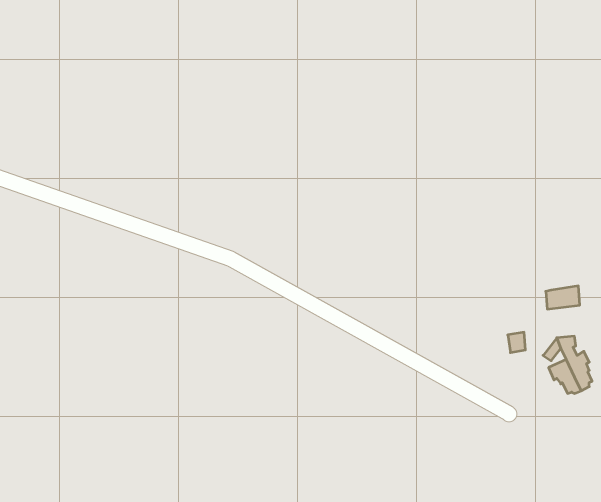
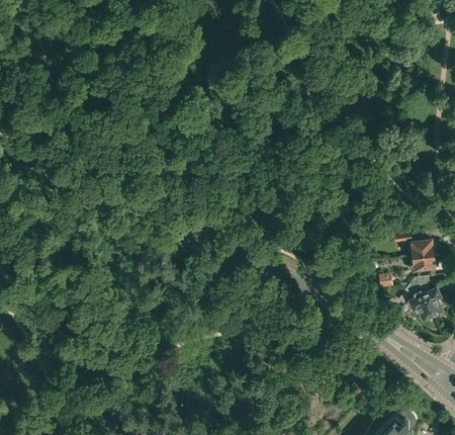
building: none -> [408,254,436,271]

